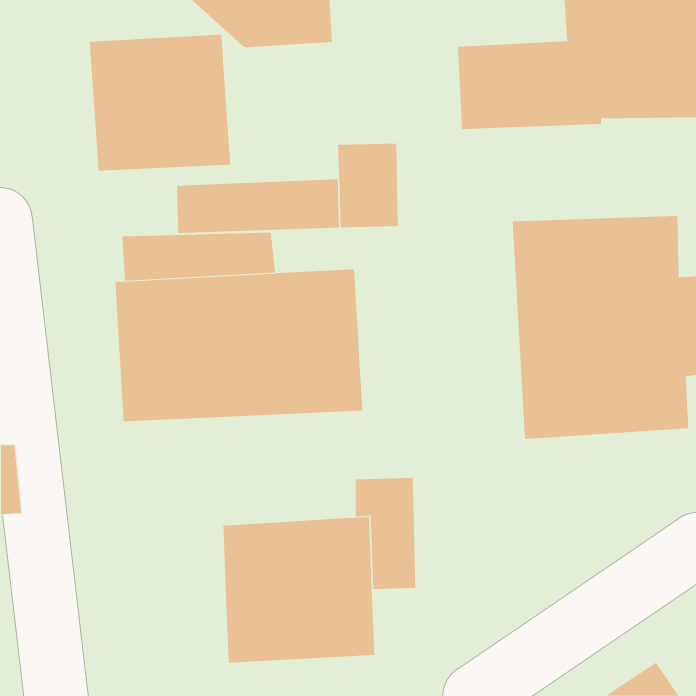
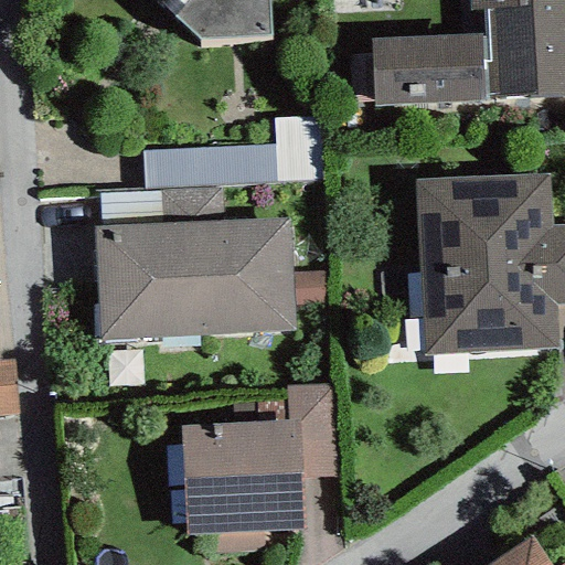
building: [89,34,231,171] -> none

